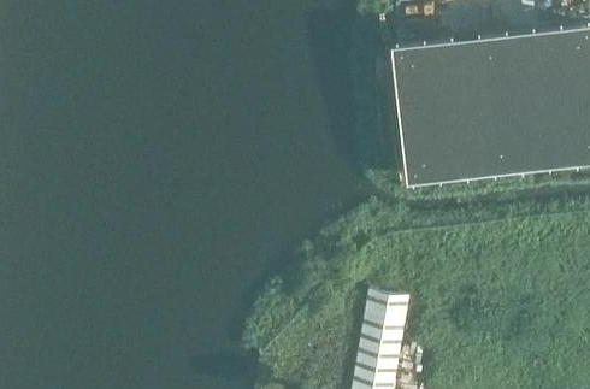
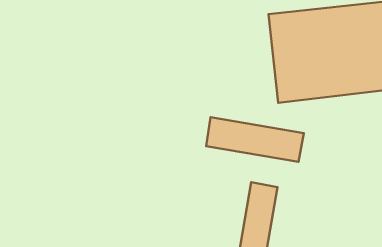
building: none -> [206,117,304,162]

